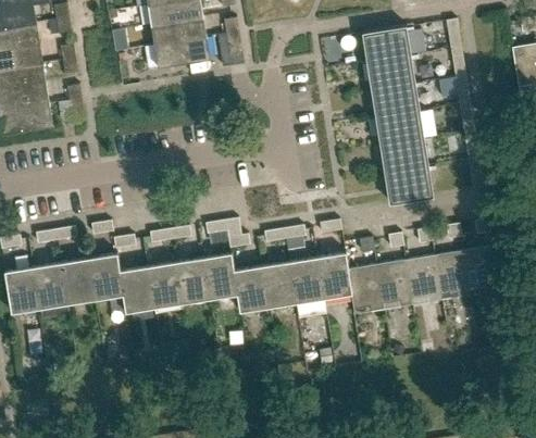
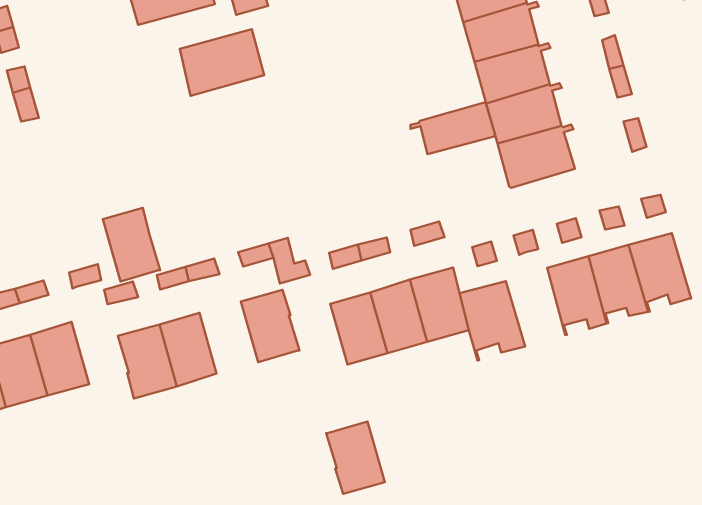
building: none -> [180,29,264,96]
building: none -> [410,102,495,154]
building: [89,253,123,300] -> [103,208,160,281]
building: [174,258,209,303] -> none
building: [378,260,413,310] -> none
building: [233,266,267,312] -> [326,422,385,494]

